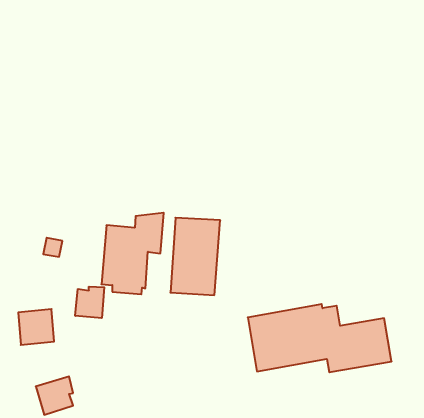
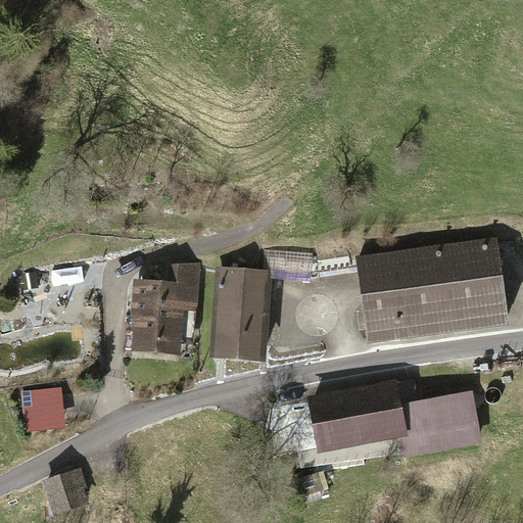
building: none -> [353,238,510,343]
building: [75,287,104,318] -> none

